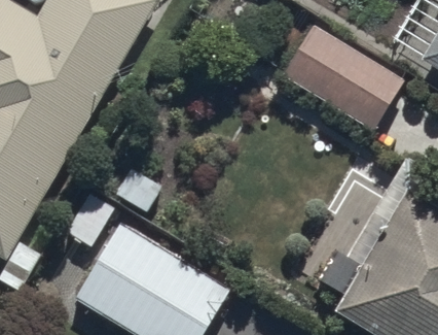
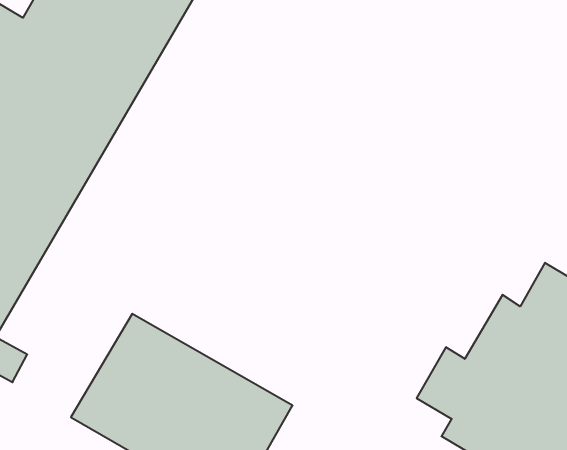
building: [280,23,406,131] -> none

